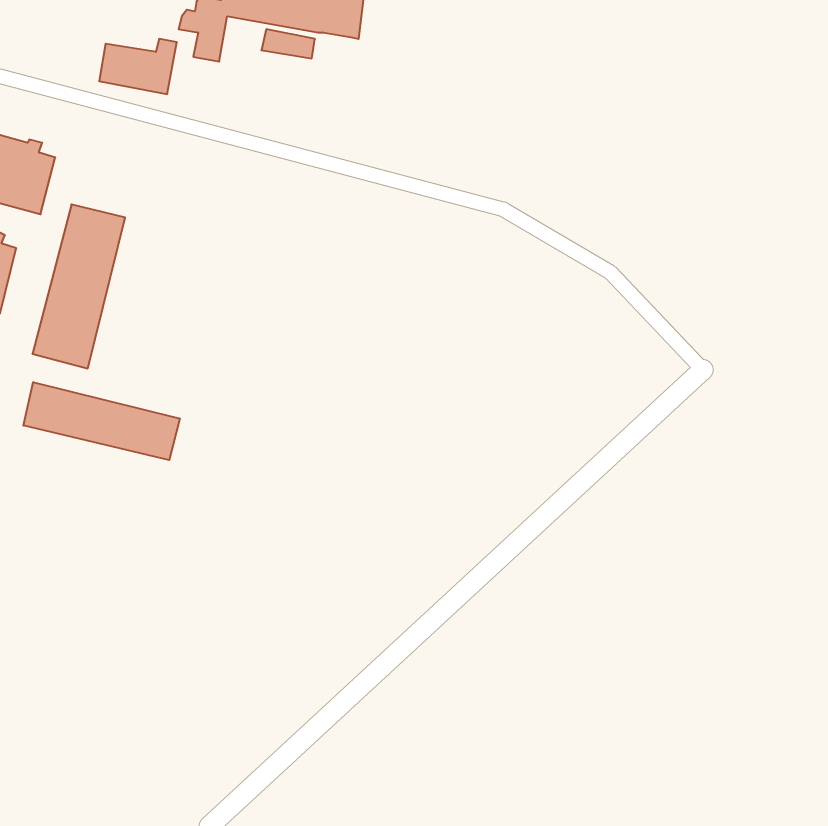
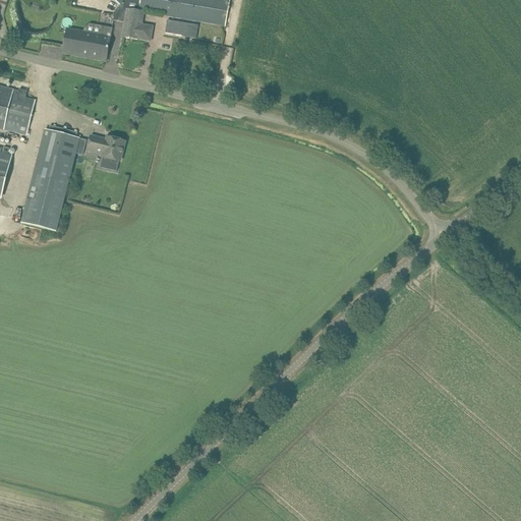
building: none -> [86,134,124,160]
building: [23,382,180,460] -> none

